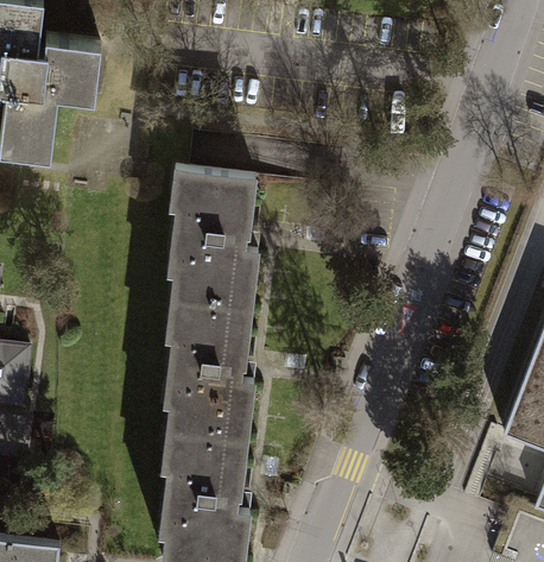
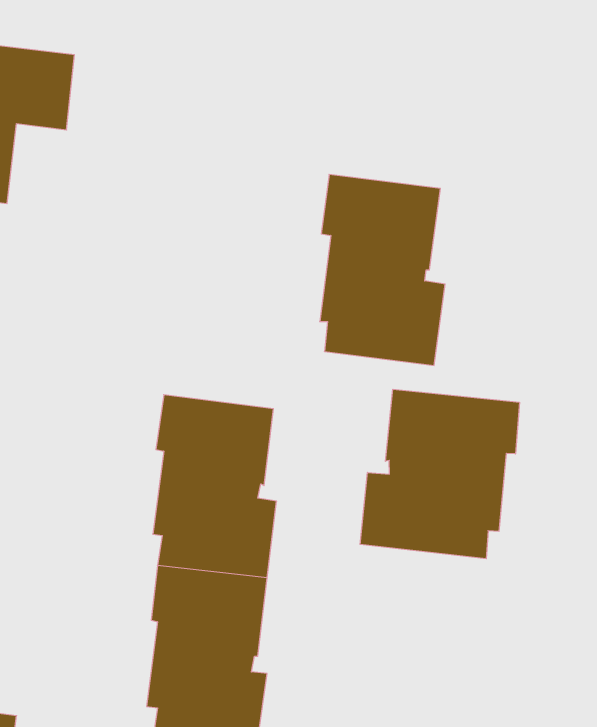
building: [166,170,261,315] -> [320,174,445,365]
building: none -> [360,389,519,559]

